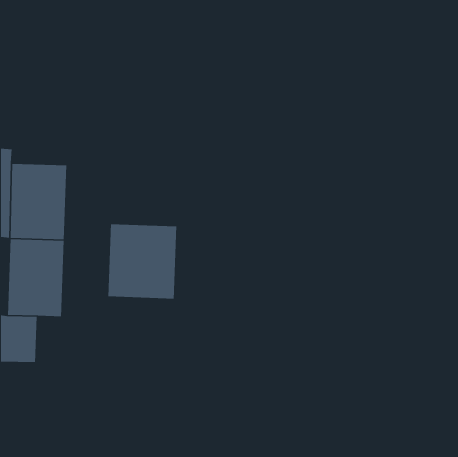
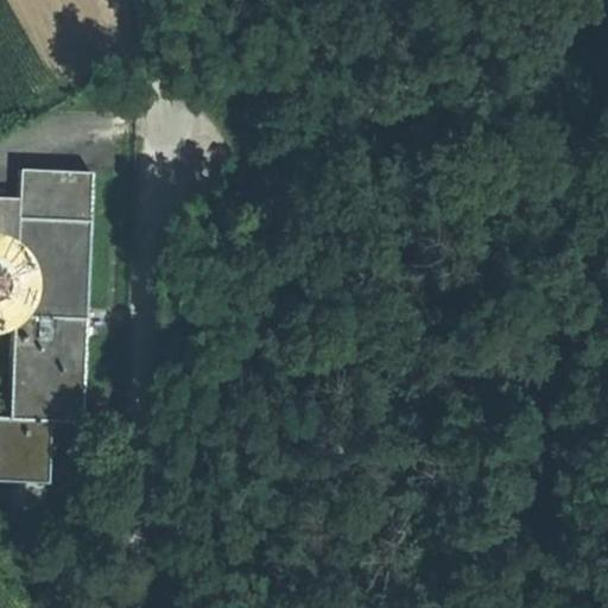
building: none -> [15,169,90,218]
building: [108,224,177,299] -> none

